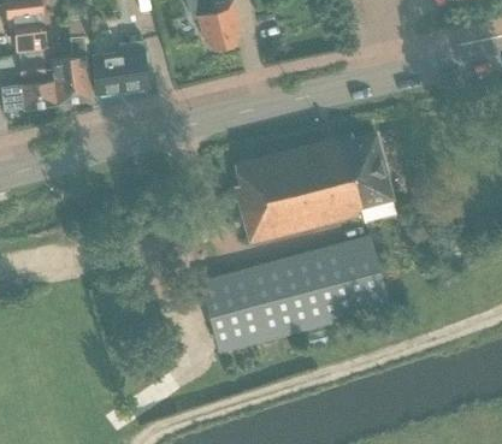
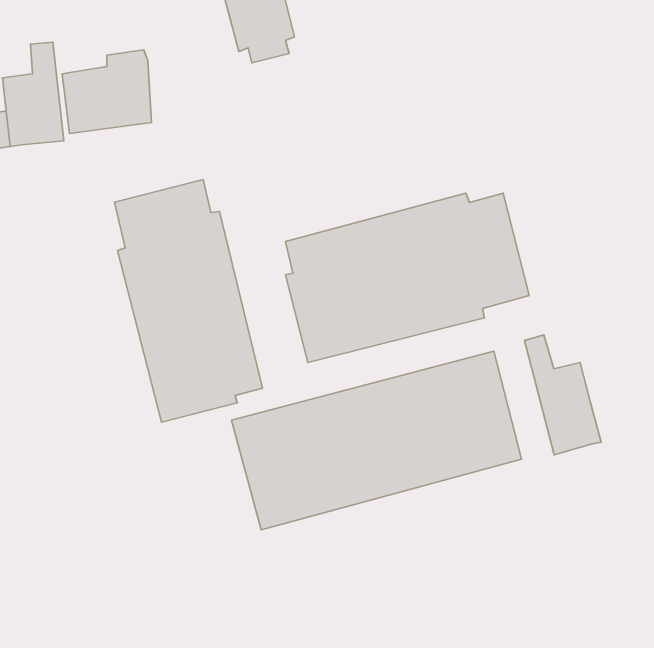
building: none -> [115,180,262,422]
building: none -> [525,335,601,455]

